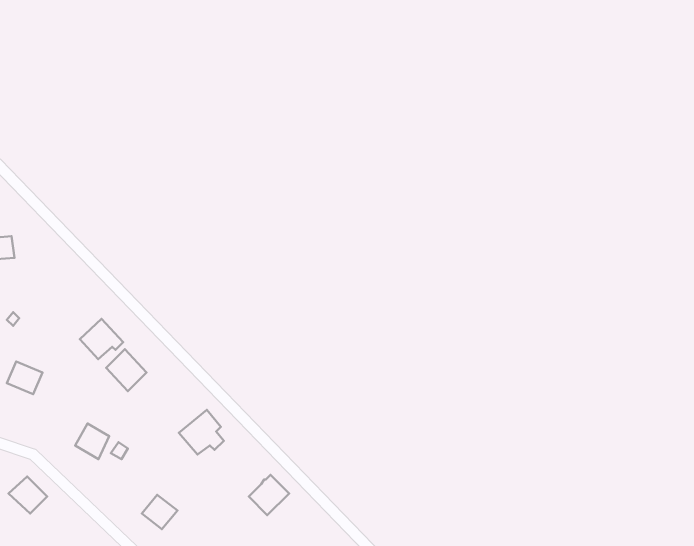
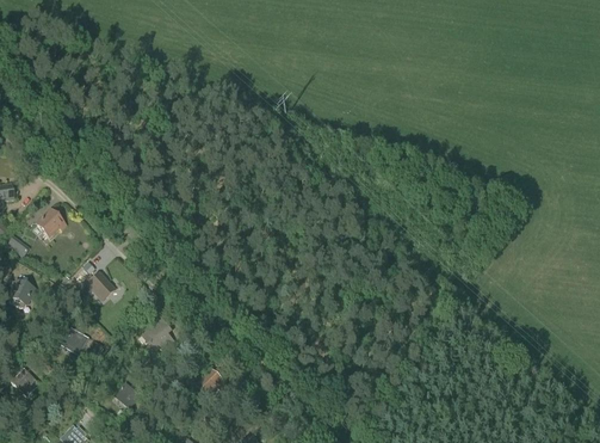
building: [80,319,123,359] -> [33,207,67,238]

